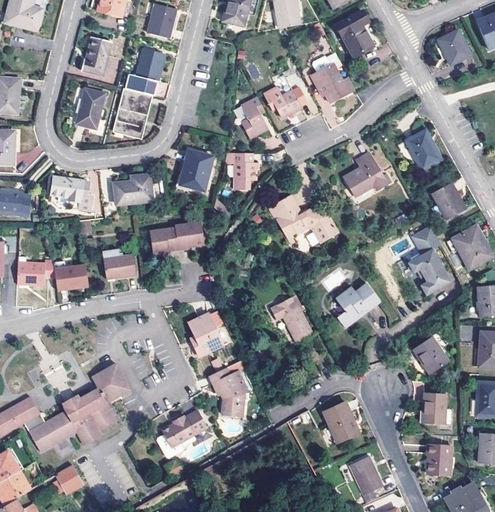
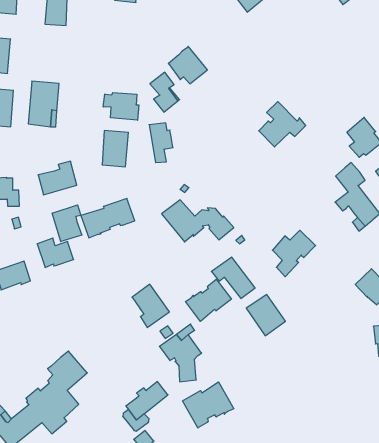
building: [135,49,163,87] -> none
building: [309,51,355,103] -> none
building: none -> [103,93,139,120]
building: [405,128,441,169] -> none
building: [268,196,338,243] -> [162,200,234,242]
building: none -> [52,205,82,242]
building: none -> [186,279,231,321]
building: [322,403,359,444] -> [246,295,285,336]
building: none -> [183,382,234,428]
building: [349,457,382,497] -> none

